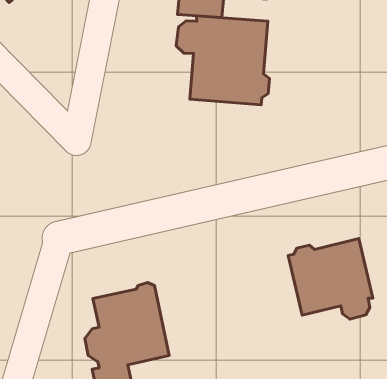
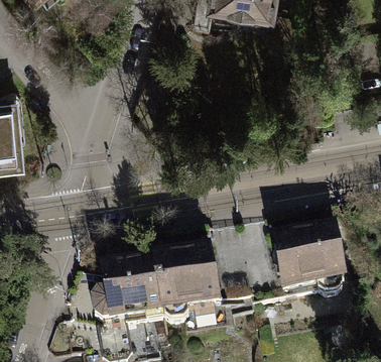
building: [176,16,269,105] -> none
building: none -> [156,248,221,324]

